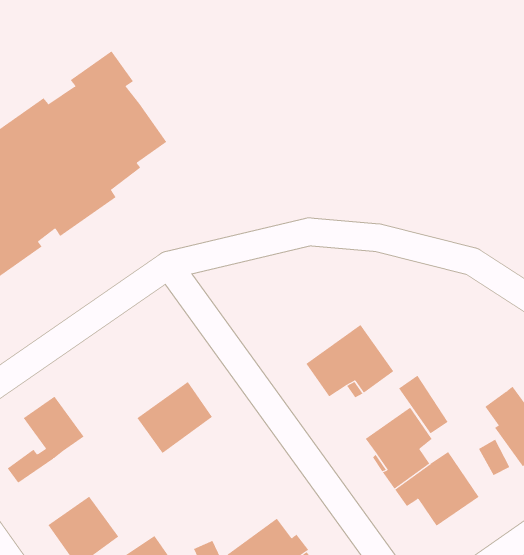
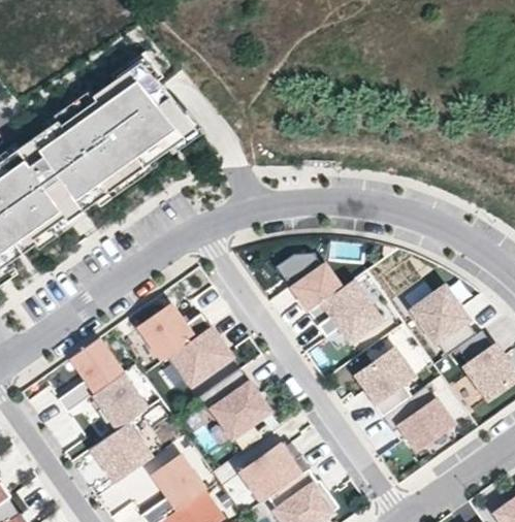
building: none -> [275,254,341,311]
building: none -> [411,288,476,355]
building: none -> [132,294,211,361]
building: none -> [198,369,270,439]
building: none -> [96,387,140,431]

